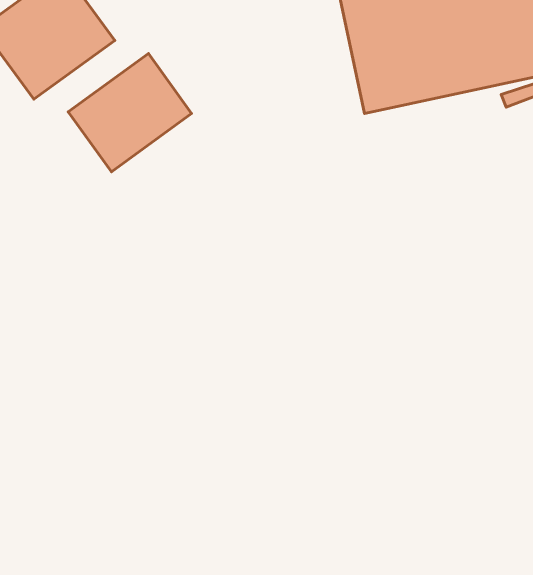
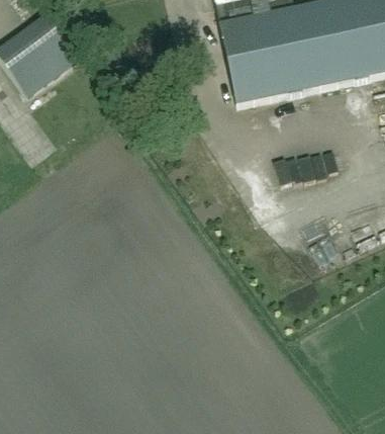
building: [68,54,192,172] -> none

